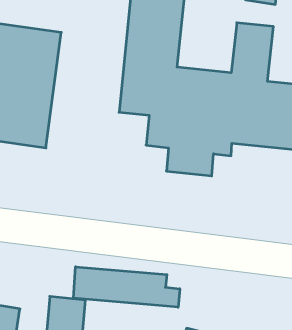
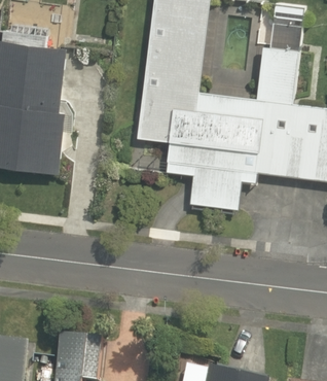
building: [74,267,180,307] -> none

